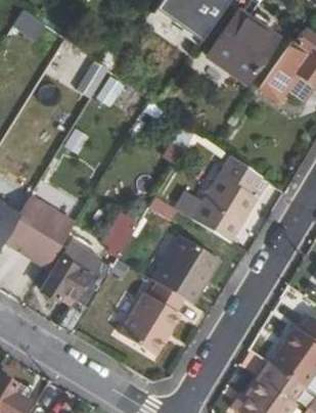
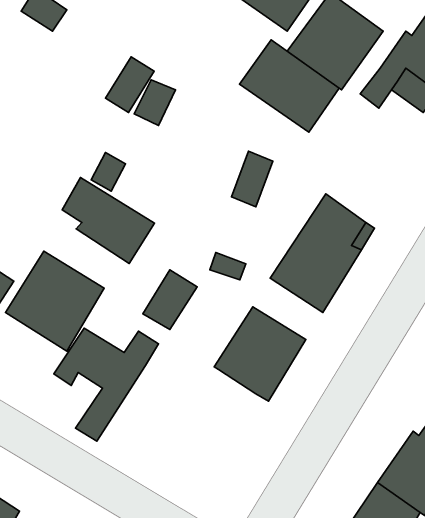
building: none -> [240,40,339,132]
building: none -> [62,177,155,264]
building: [120,282,183,355] -> none

